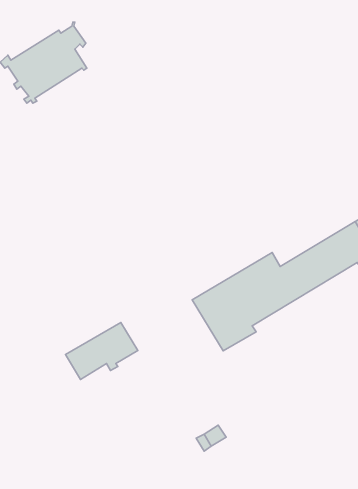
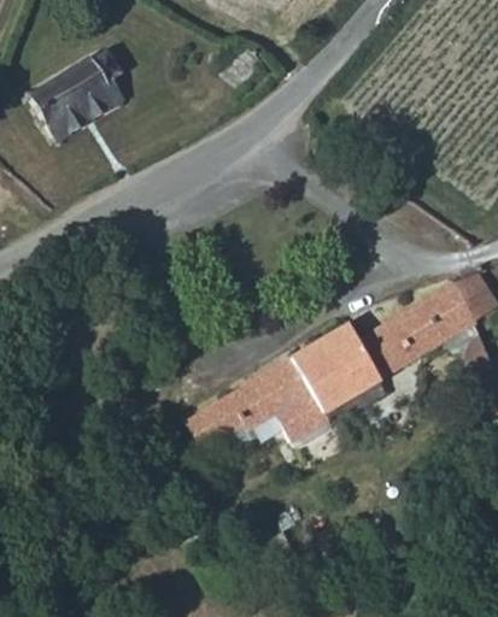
building: [66,322,138,380] -> [186,380,273,448]

